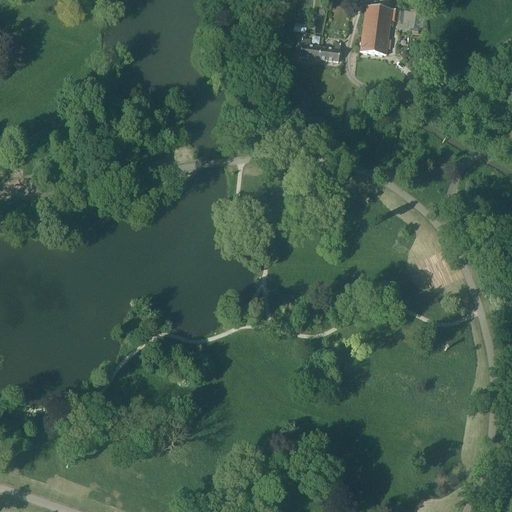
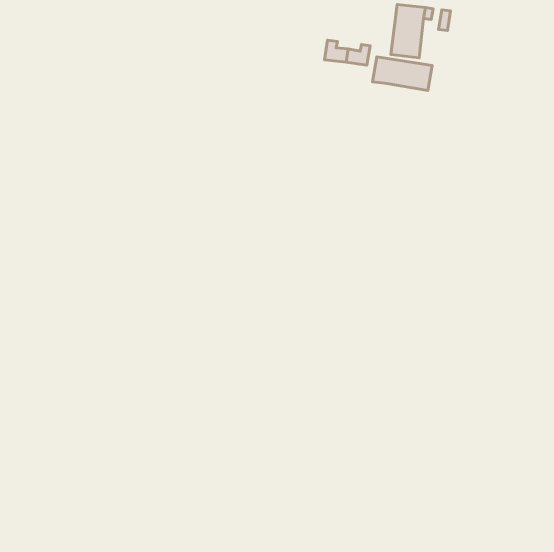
building: none -> [372,57,432,91]

